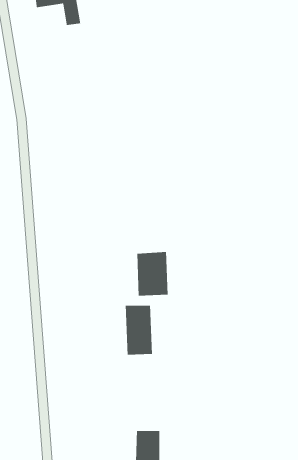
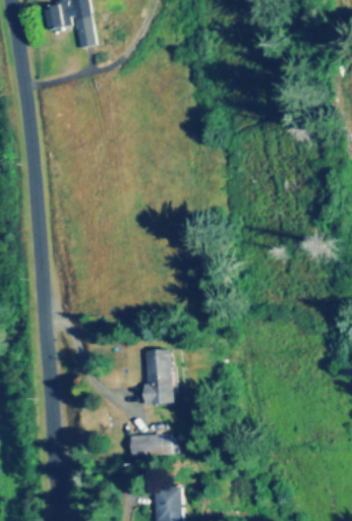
building: [136,251,169,296] -> none
building: none -> [130,436,179,456]

